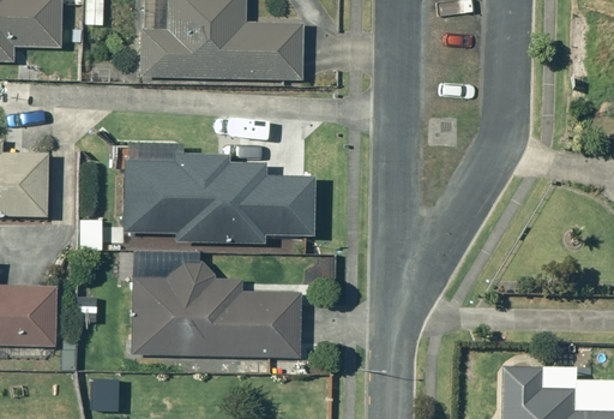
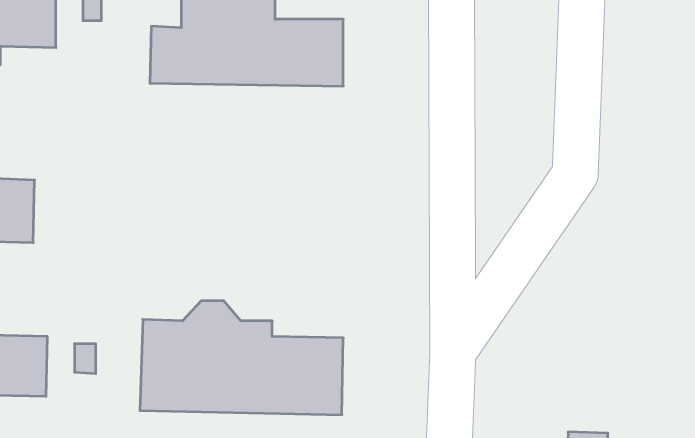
building: [101,151,295,241] -> none

